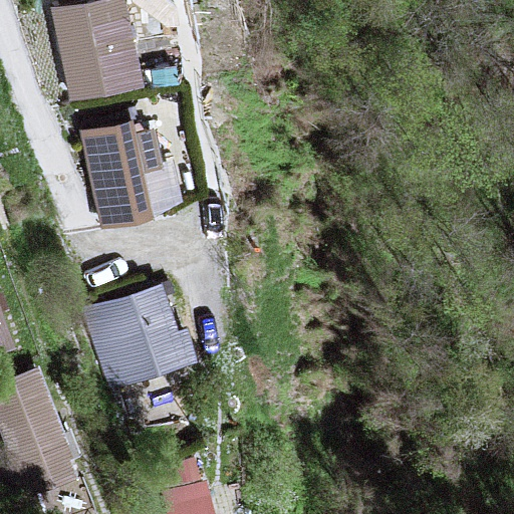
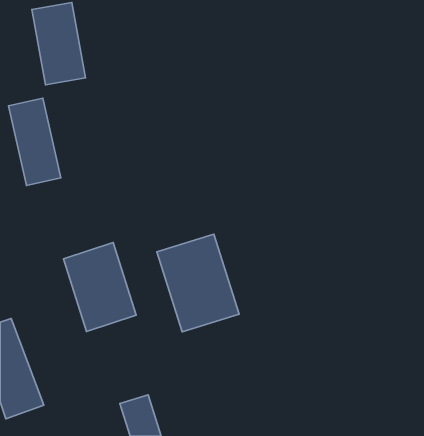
building: [80,122,142,225] -> [8,98,61,185]
building: none -> [157,234,239,332]

